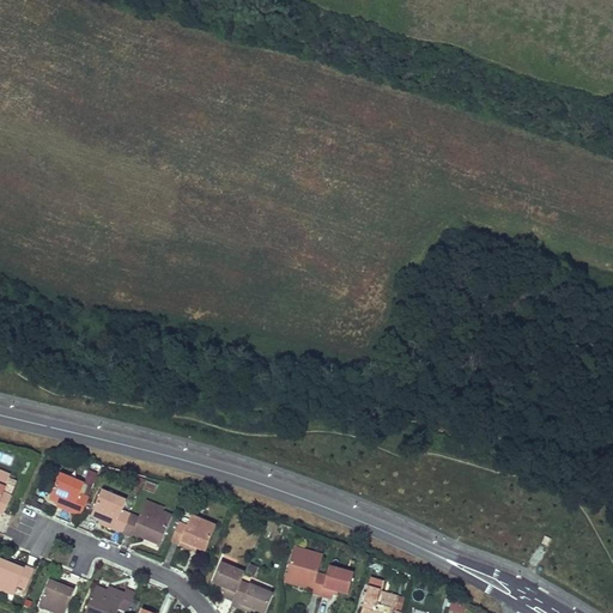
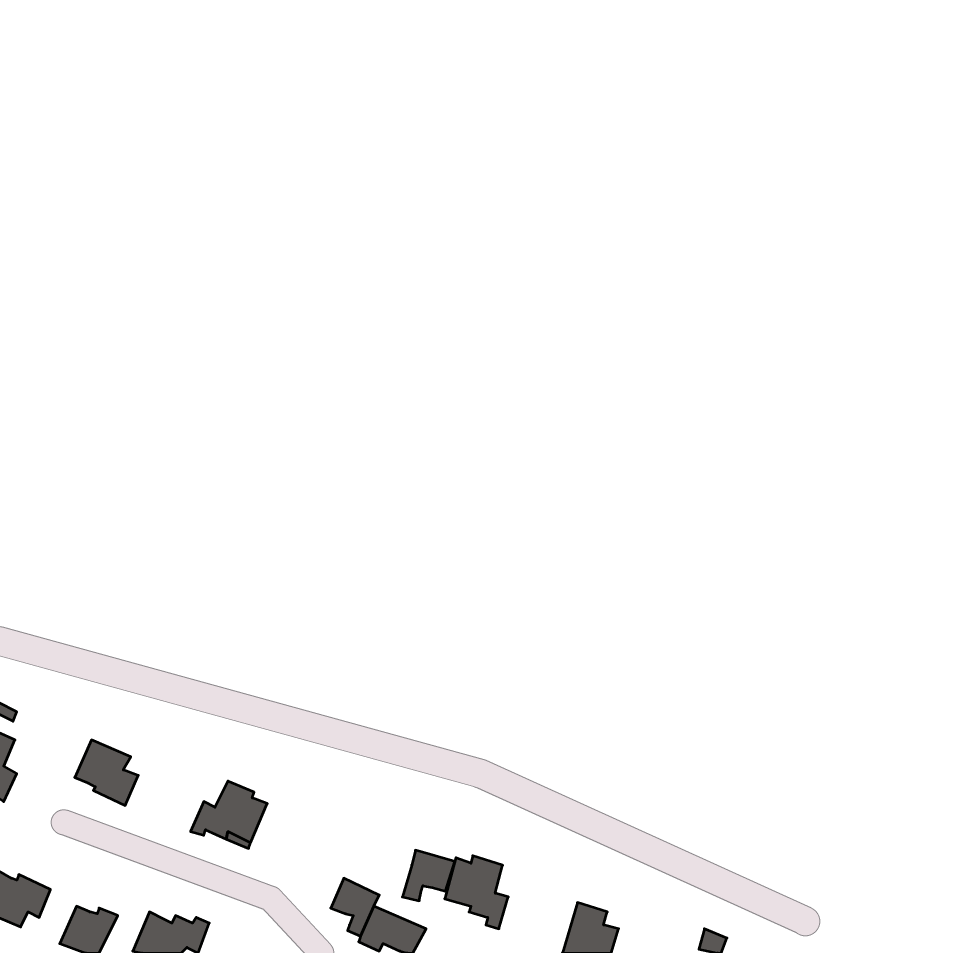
building: [90,490,131,533] -> none
building: [171,514,216,550] -> none
building: [320,565,353,597] -> [402,850,455,901]

